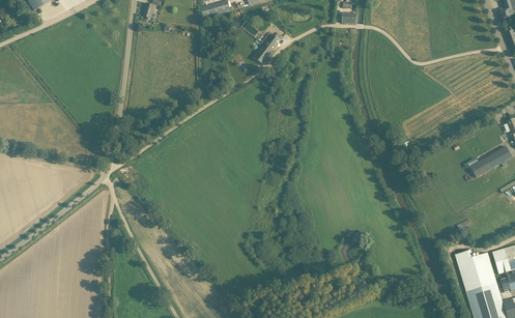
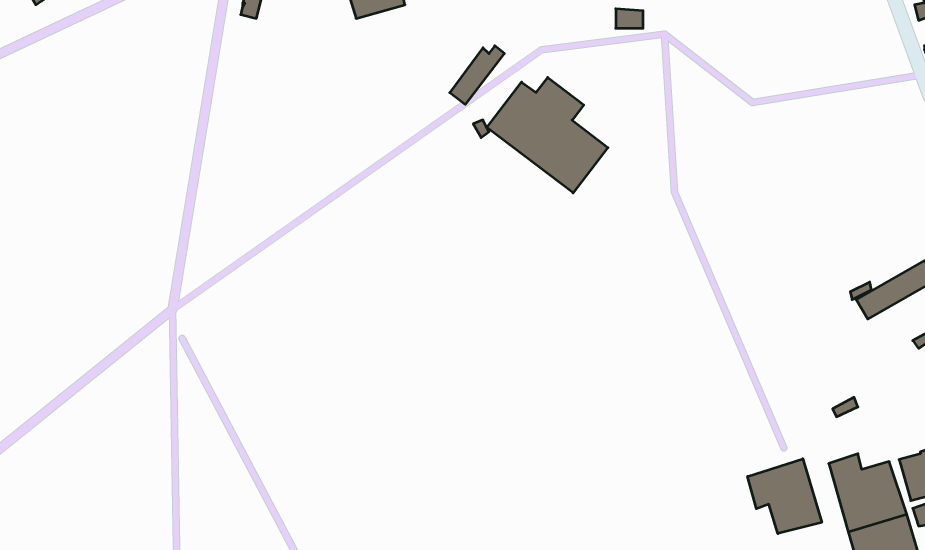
building: none -> [487,77,608,193]
building: none -> [748,459,822,534]

